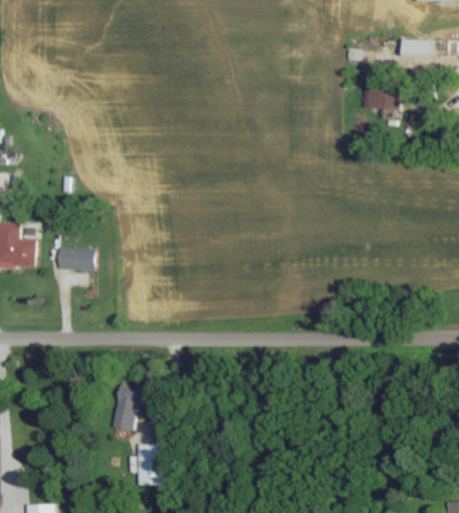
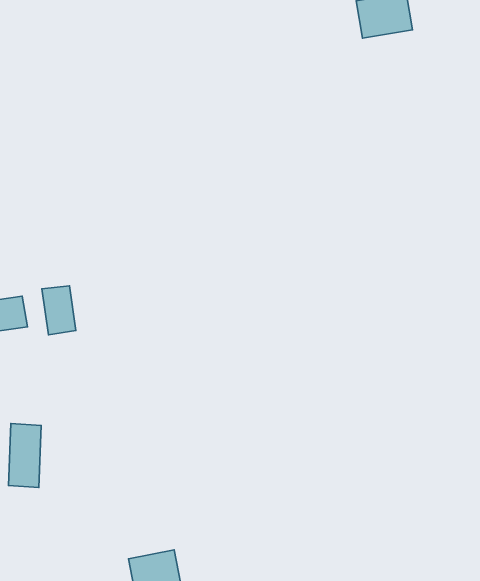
building: none -> [42,286,76,335]
building: [112,384,142,432] -> [9,424,41,488]

